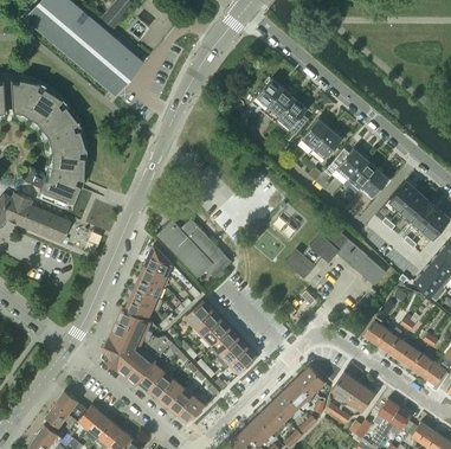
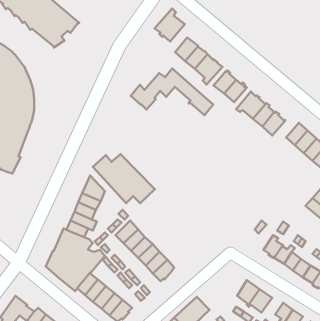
building: none -> [155,9,185,42]
building: [285,230,385,287] -> [131,68,213,115]
building: [283,367,324,409] -> none

